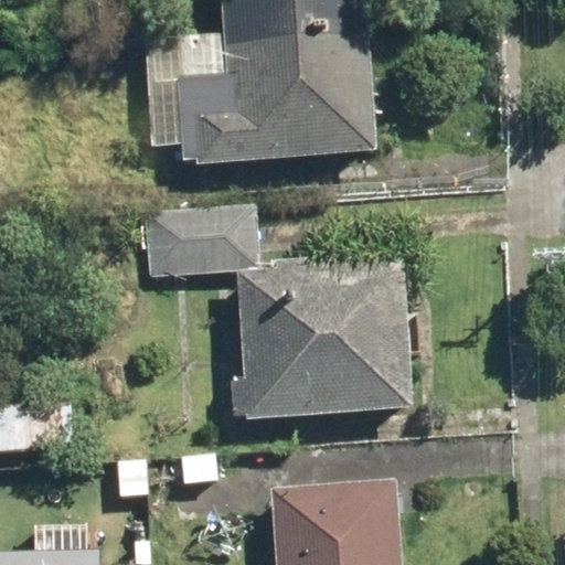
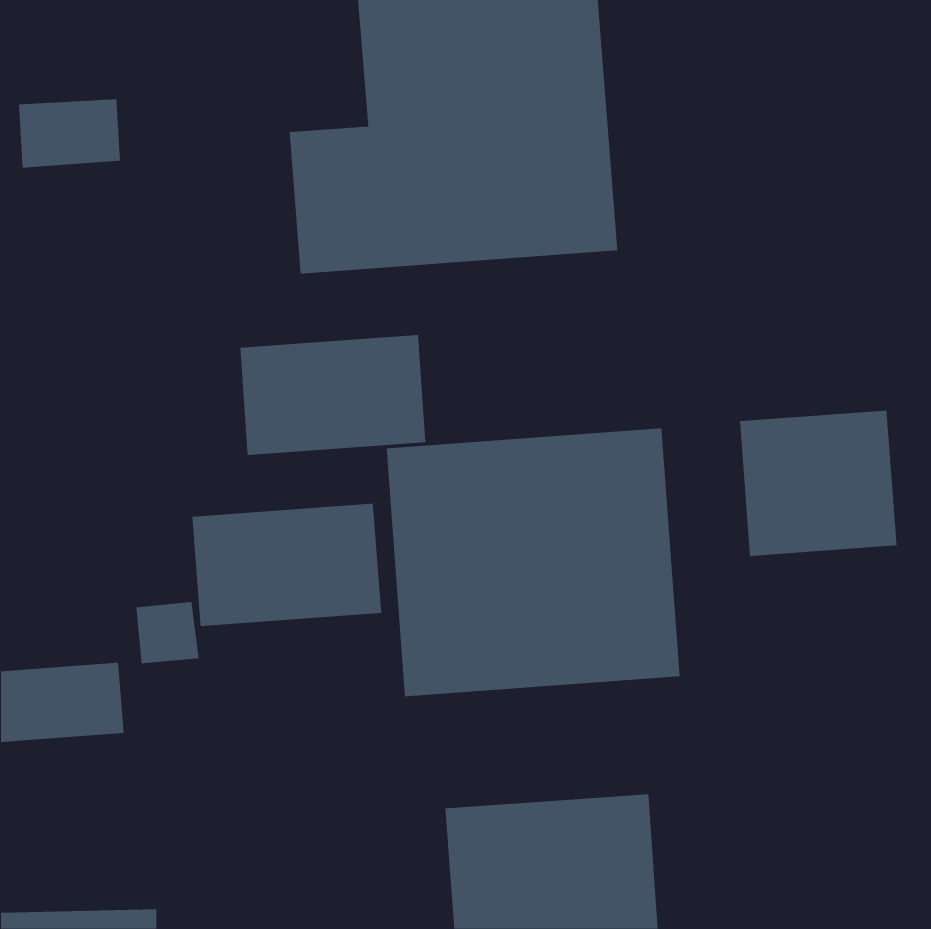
building: none -> [739,410,897,557]
building: none -> [192,503,382,627]

